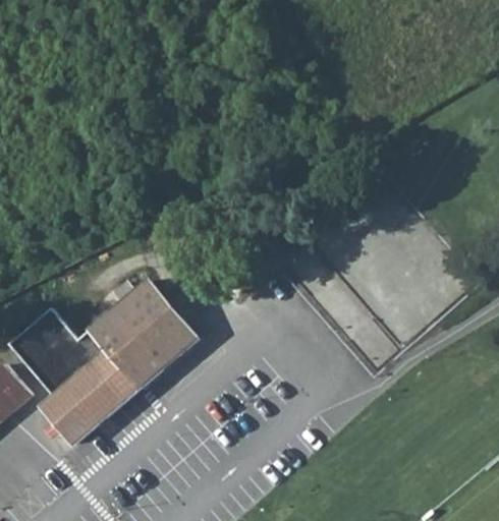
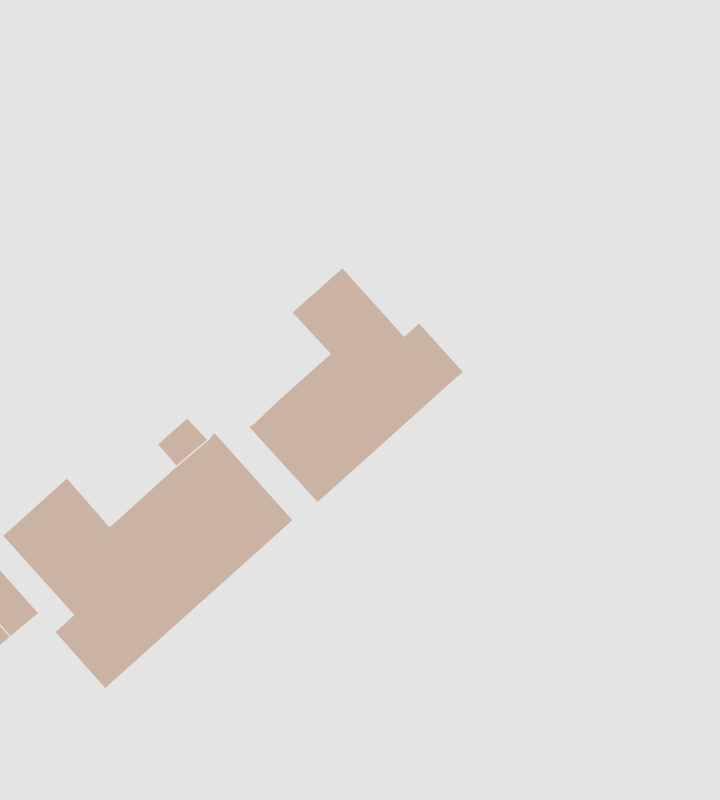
building: none -> [248,267,463,503]

